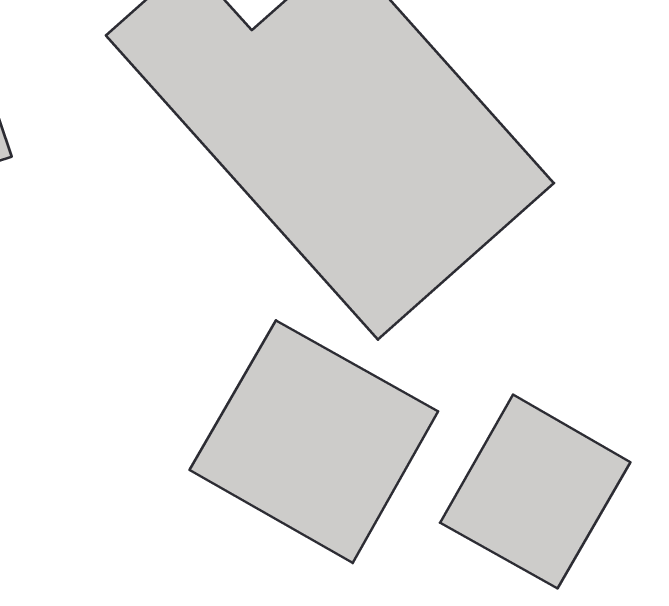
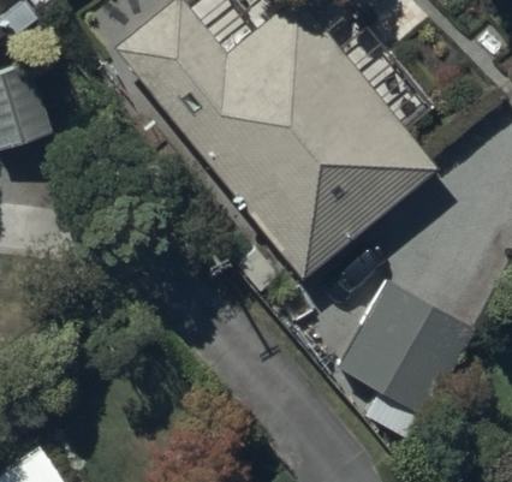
building: [190,320,438,563] -> none

